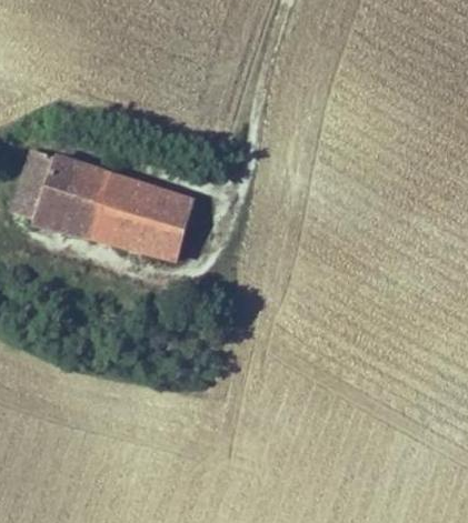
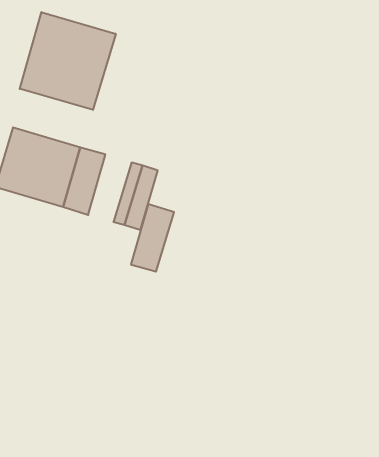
building: none -> [20,12,116,110]
building: [119,180,167,254] -> [131,204,174,272]

